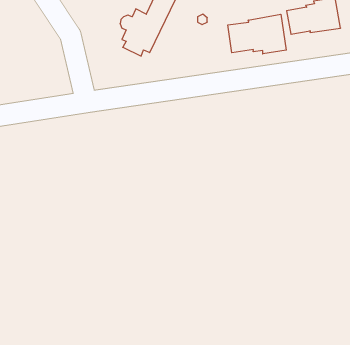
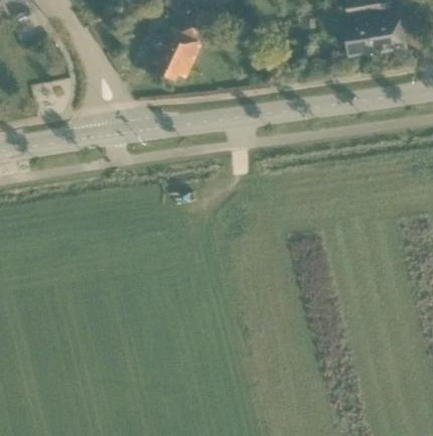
building: [228,14,286,54] -> none

